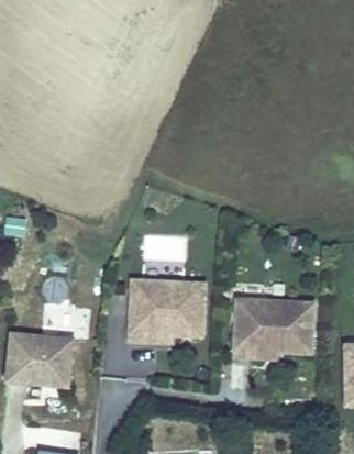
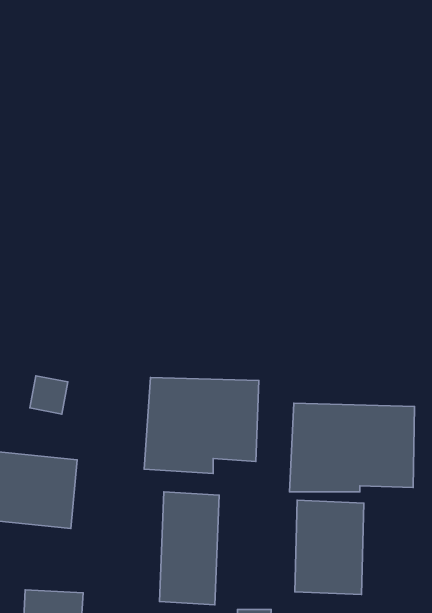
building: none -> [160,492,219,605]
building: none -> [295,500,364,595]

